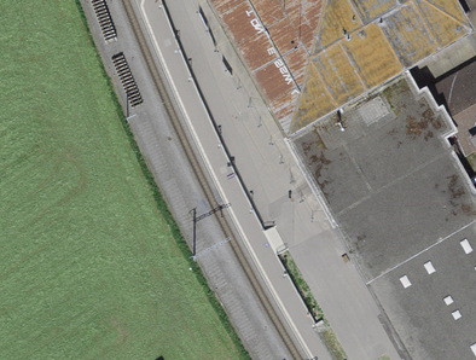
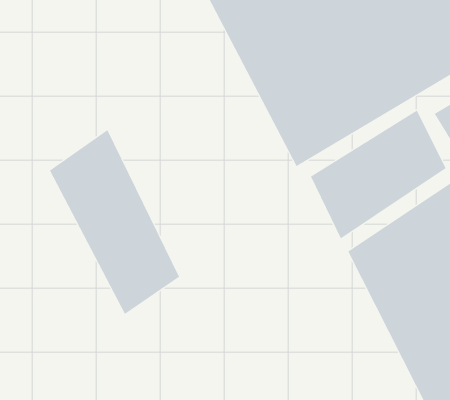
building: none -> [49,129,180,315]

